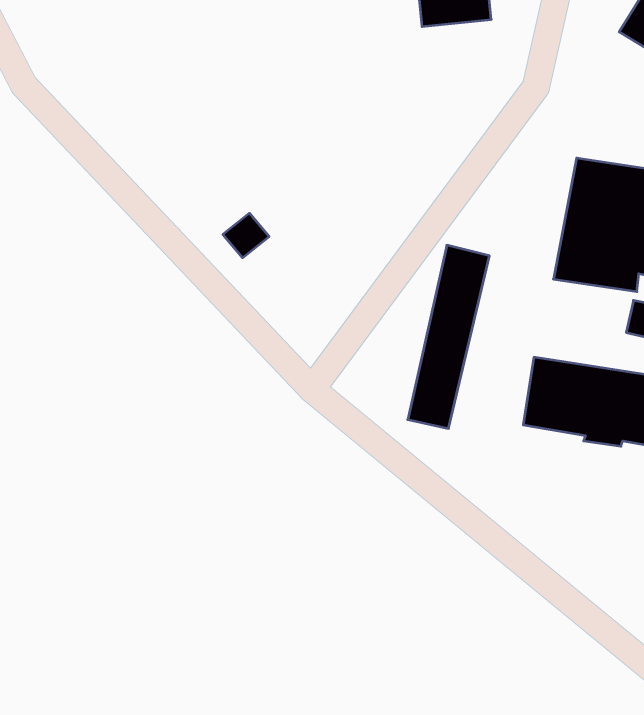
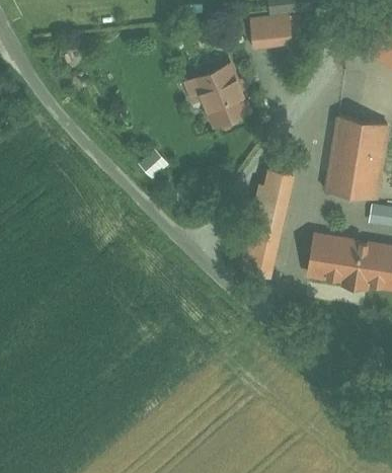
building: none -> [193,66,248,127]

